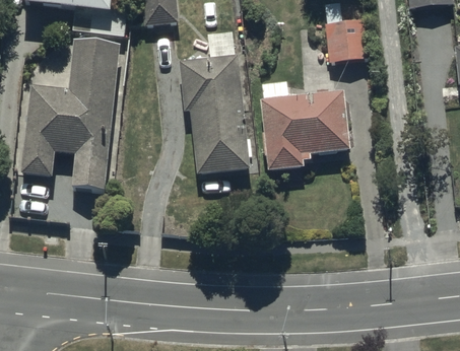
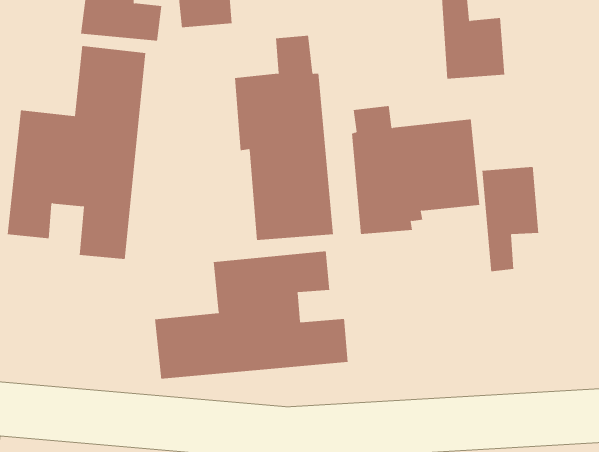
building: none -> [482,166,539,272]
building: none -> [154,251,348,379]

